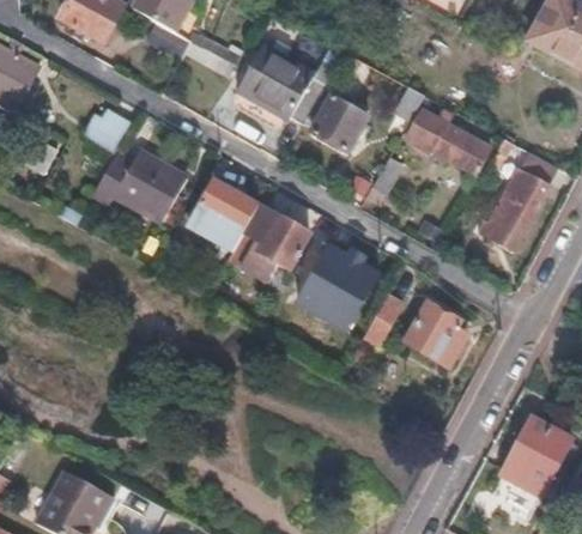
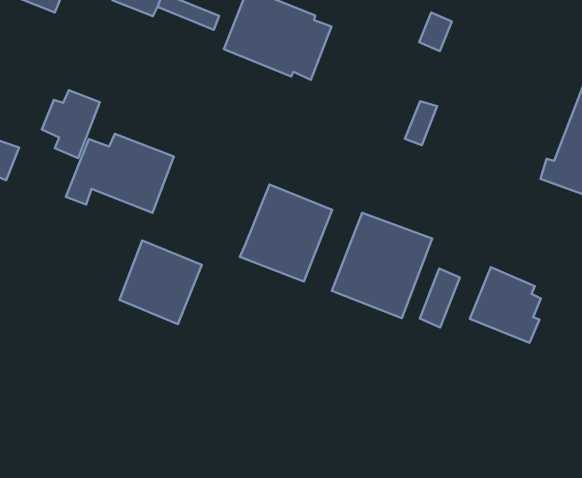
building: [314,101,366,153] -> none
building: [407,111,487,170] -> none
building: [186,181,256,253] -> [120,241,202,324]

